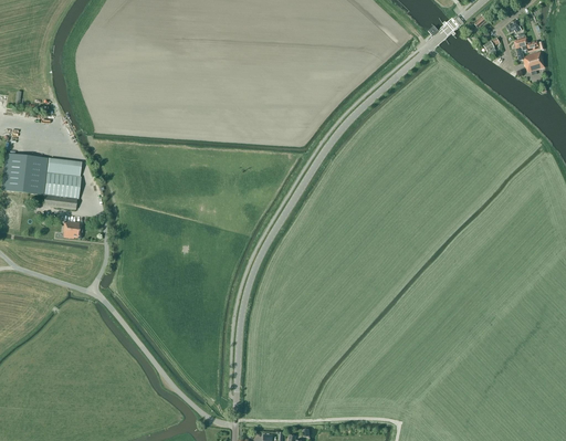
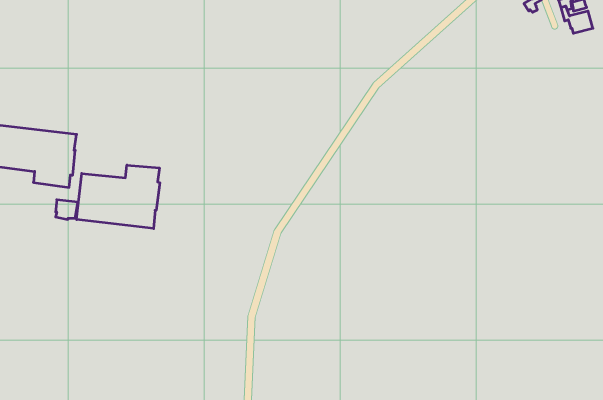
building: none -> [77,165,160,229]

